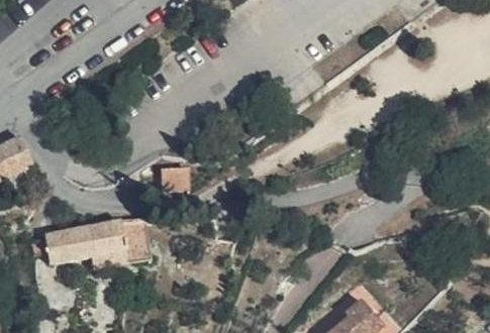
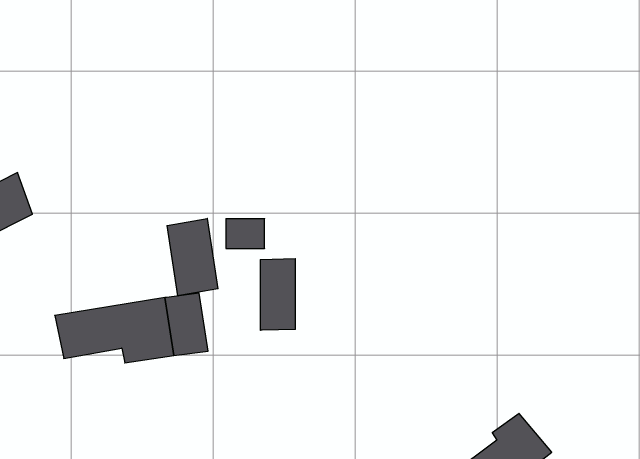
building: none -> [167,218,218,296]
building: none -> [260,259,295,330]

